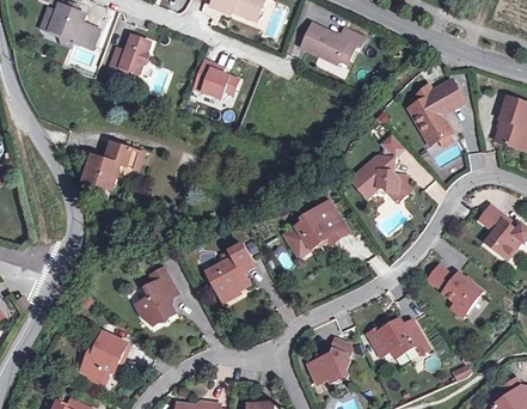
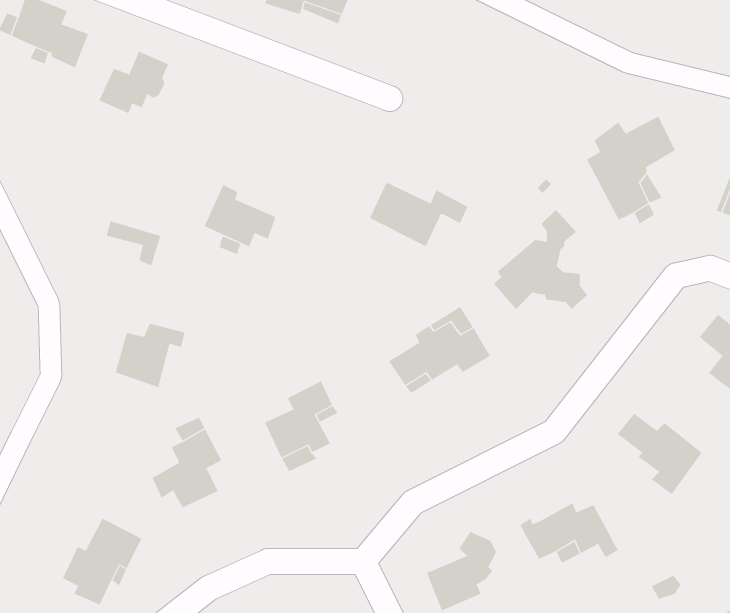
building: [300,20,362,61] -> [369,182,468,247]
building: [189,60,234,99] -> [204,184,276,247]
building: [86,153,130,194] -> [115,323,185,388]

